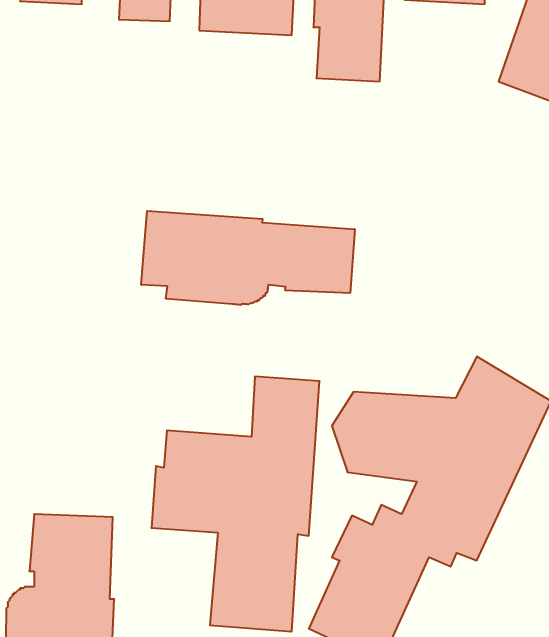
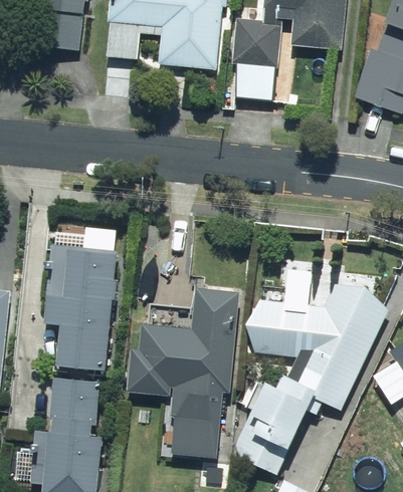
building: [141,211,355,305] -> none
building: none -> [56,248,121,372]

